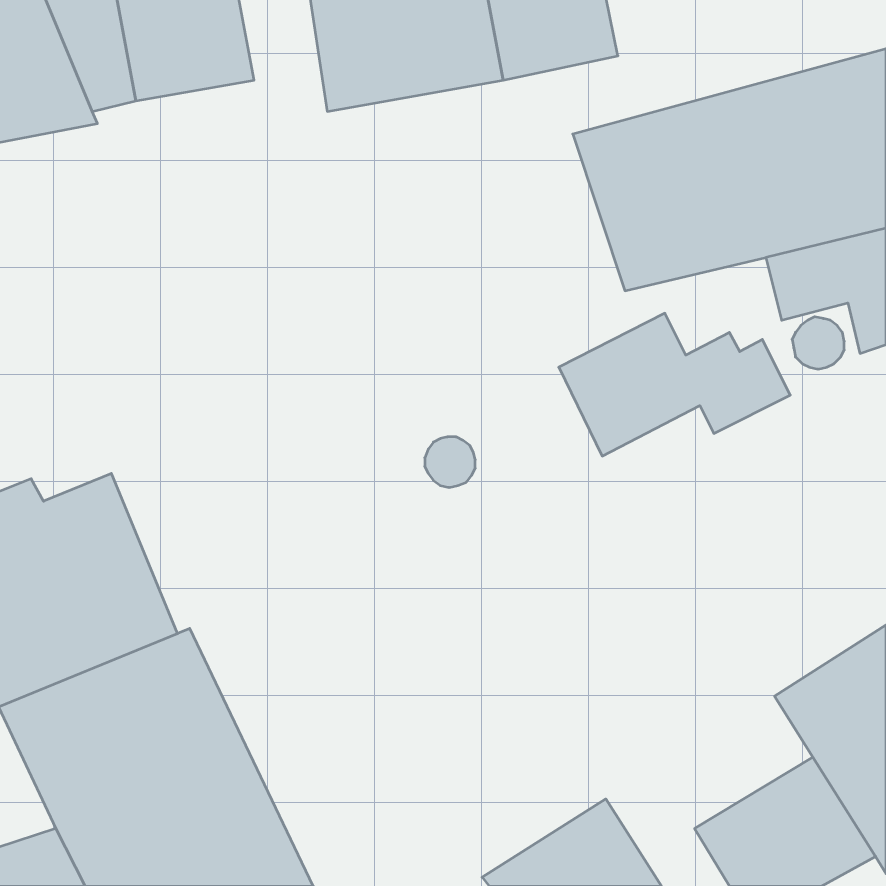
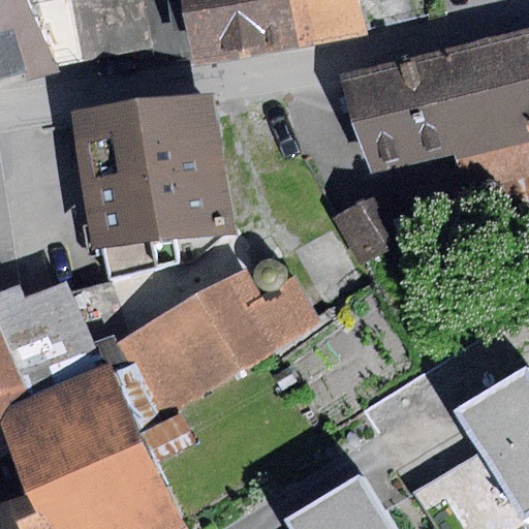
building: none -> [73,94,232,275]
building: none -> [120,271,318,413]

